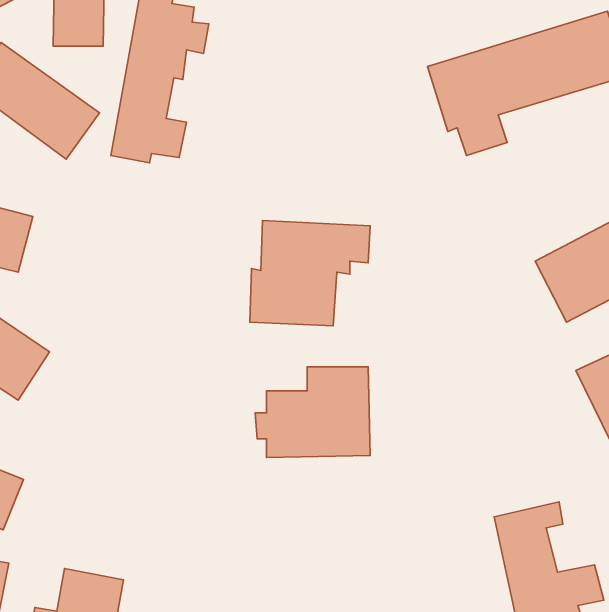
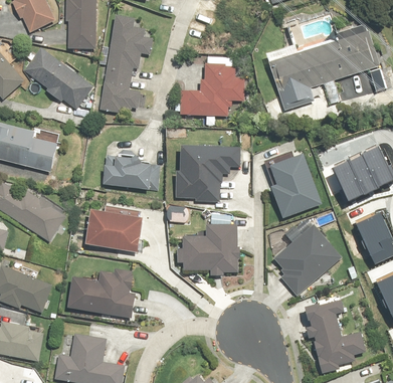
building: none -> [179,63,244,116]
building: none -> [271,153,322,215]
building: none -> [103,154,159,189]
building: none -> [87,209,143,251]
building: none -> [272,223,342,294]
building: none -> [68,267,134,317]

